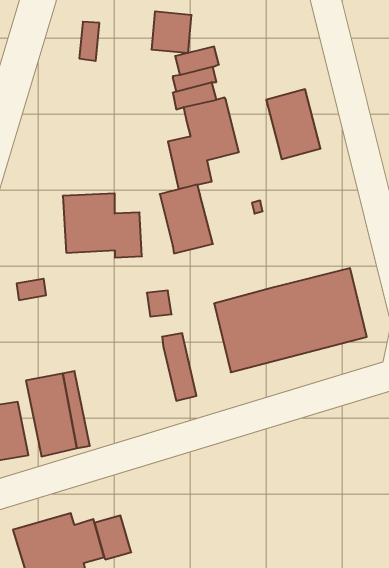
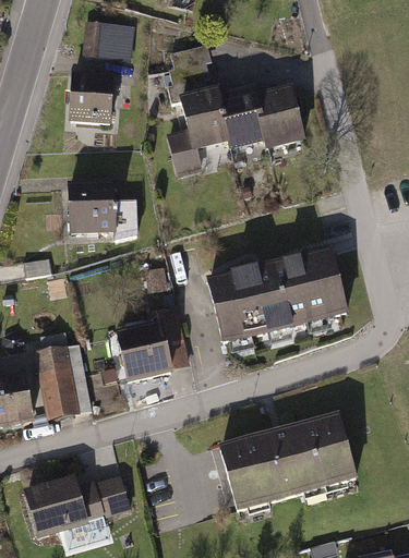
building: [151,11,192,53] -> [97,22,134,60]
building: none -> [68,72,112,123]
building: [160,185,213,253] -> [217,84,266,147]
building: none -> [115,319,172,383]
building: none -> [218,412,357,511]

